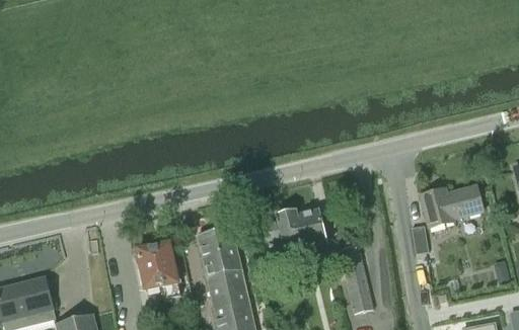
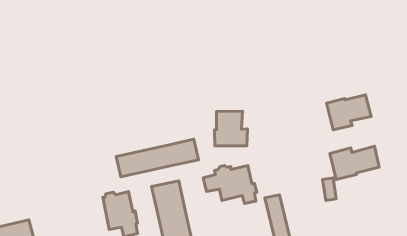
building: none -> [327,95,371,130]
building: none -> [215,111,247,146]
building: none -> [116,139,199,177]

